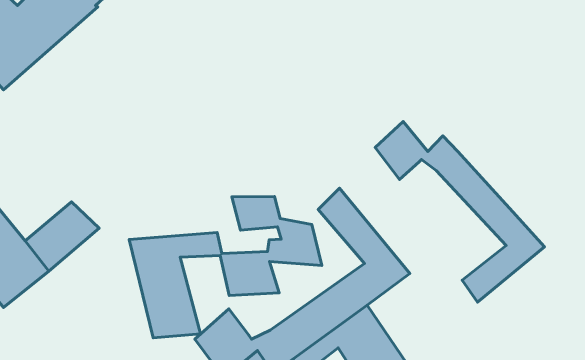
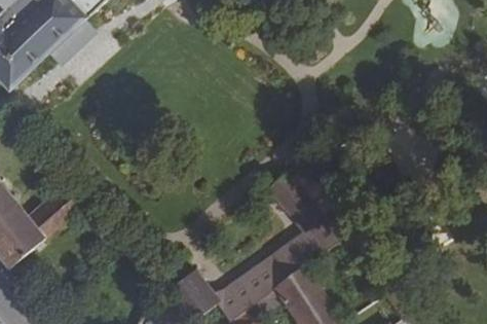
building: [375,121,545,302] -> none
building: [129,196,322,338] -> none

